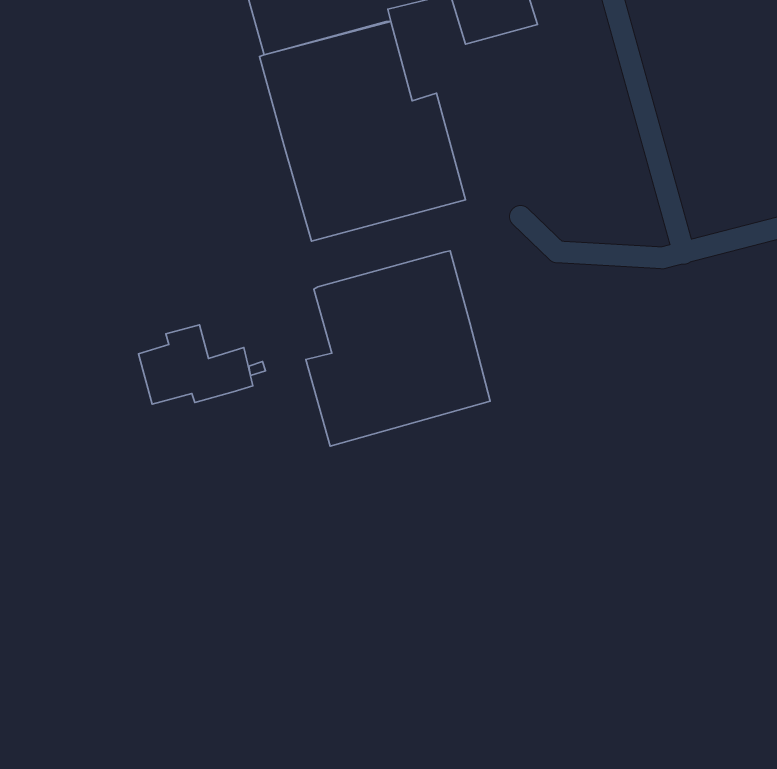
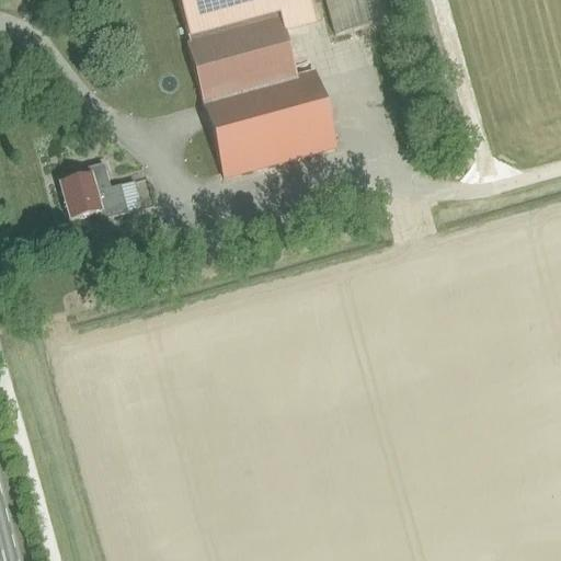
building: [306,251,490,446] -> none
building: [138,325,253,404] -> [60,159,142,216]

